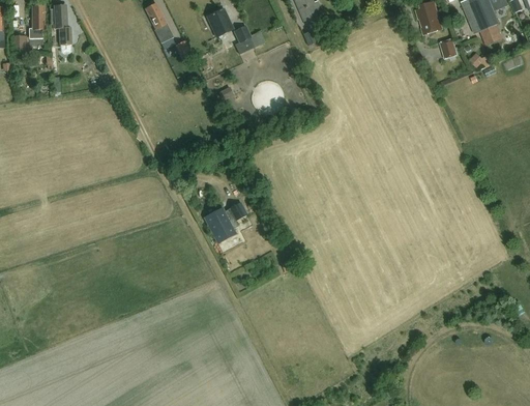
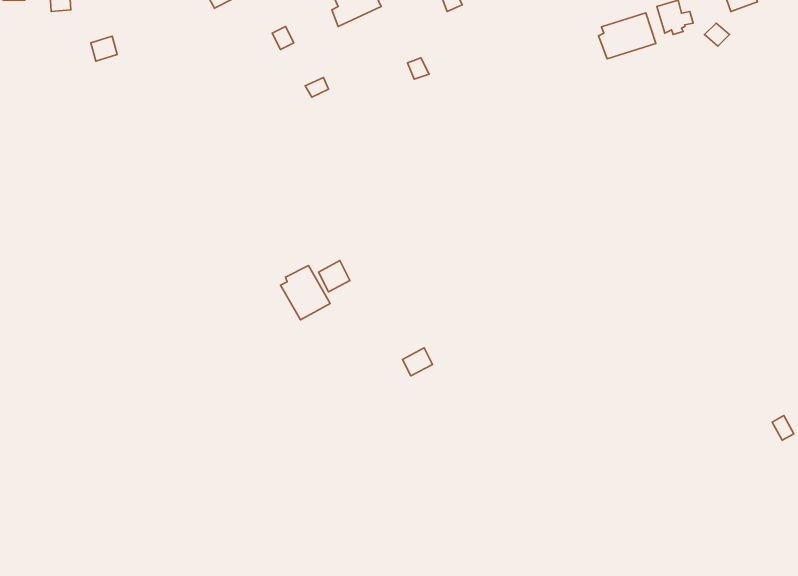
building: none -> [599,13,656,59]

